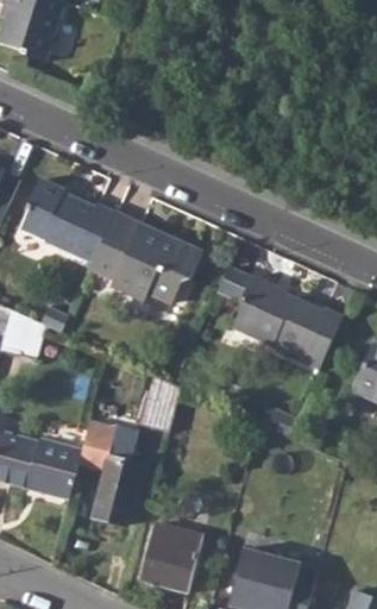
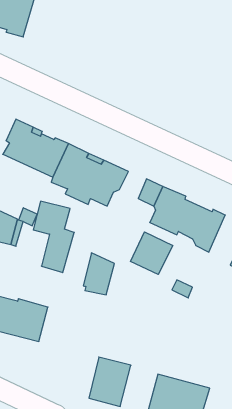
building: none -> [131,232,173,274]
building: [82,423,142,527] -> [33,201,74,273]

